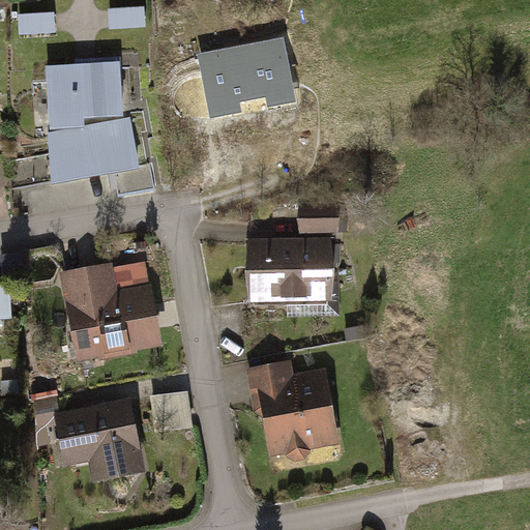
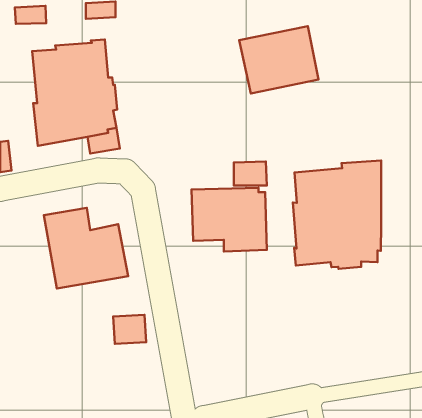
building: [199,34,298,119] -> [239,26,319,94]
building: none -> [293,161,381,269]
building: [251,359,345,461] -> none
building: [50,396,143,482] -> none

